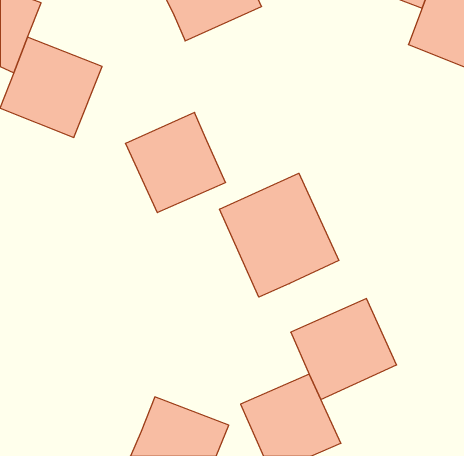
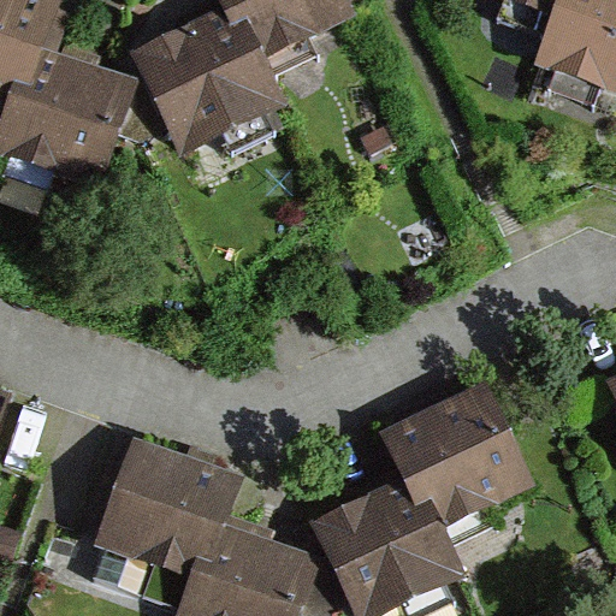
building: [125,112,226,213] -> [141,20,273,153]
building: [220,173,339,297] -> none
building: none -> [89,439,225,570]

